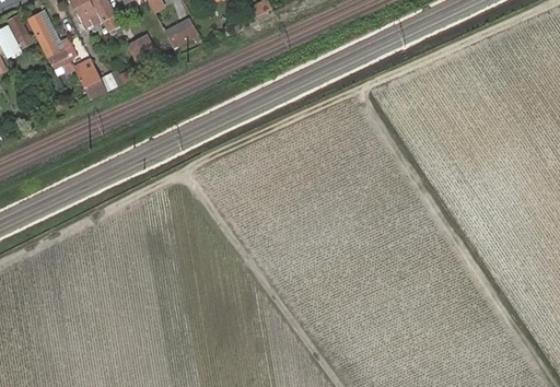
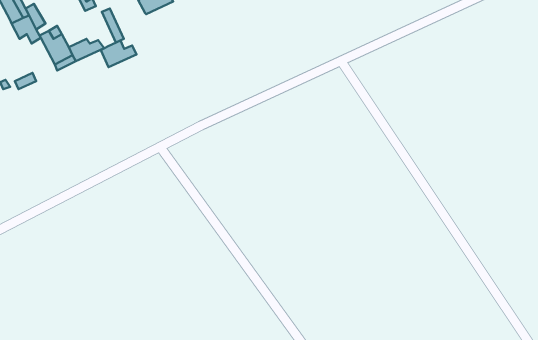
building: none -> [101,41,136,67]

